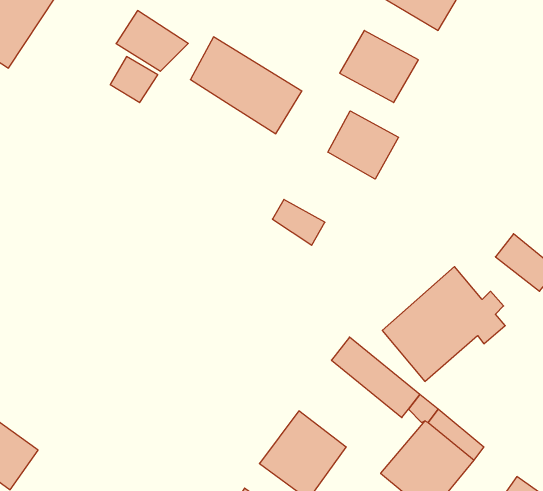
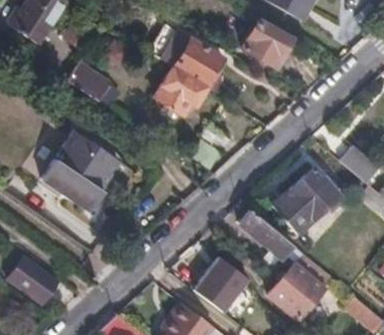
building: [116,11,188,71] -> [69,63,113,100]
building: none -> [155,67,204,116]
building: [328,111,399,179] -> none
building: none -> [39,128,117,211]

